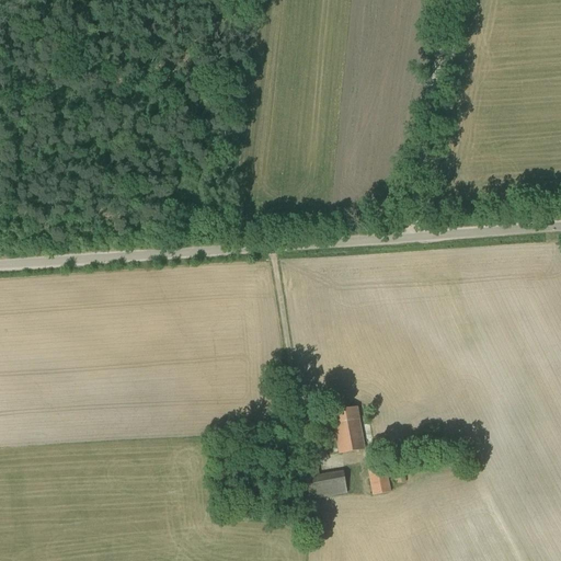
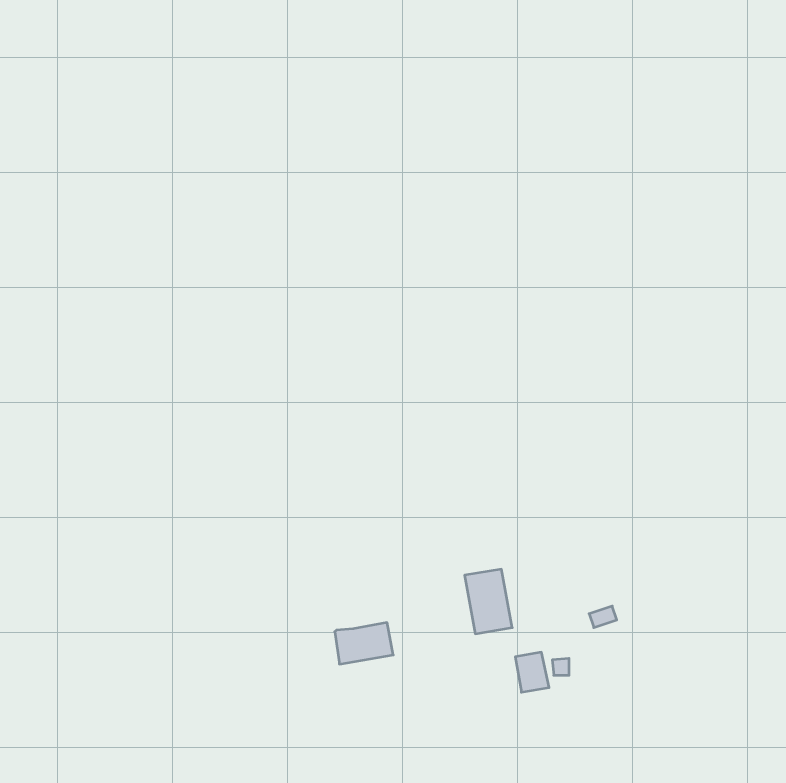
building: [306,469,347,499] -> [335,623,393,664]

